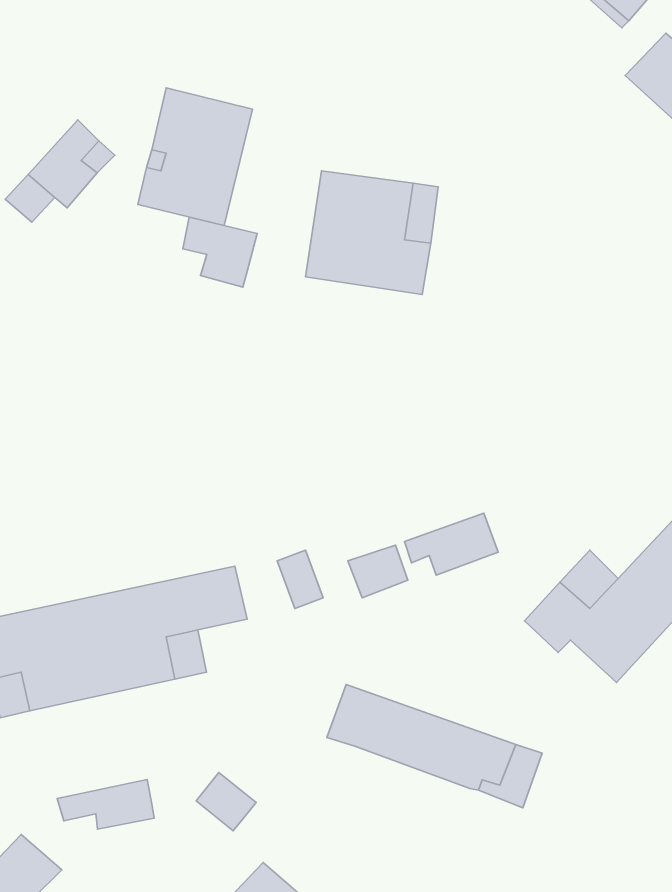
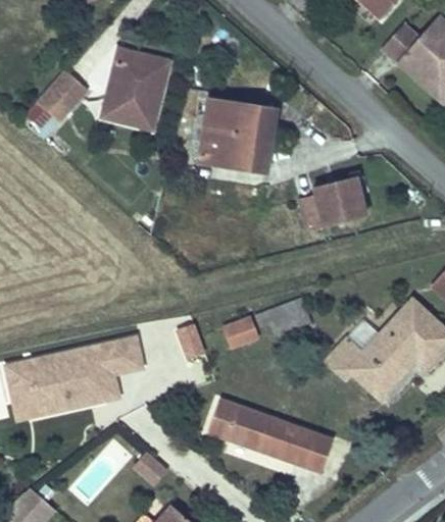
building: [183,217,257,287] -> none
building: none -> [298,175,369,231]
building: [57,779,154,829] -> none

